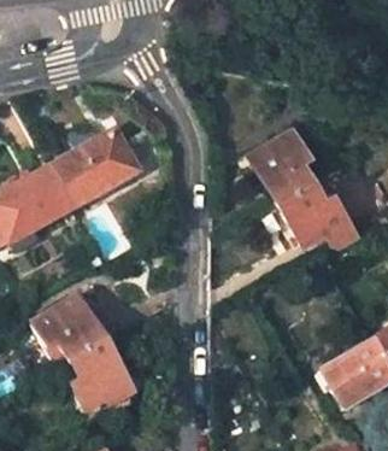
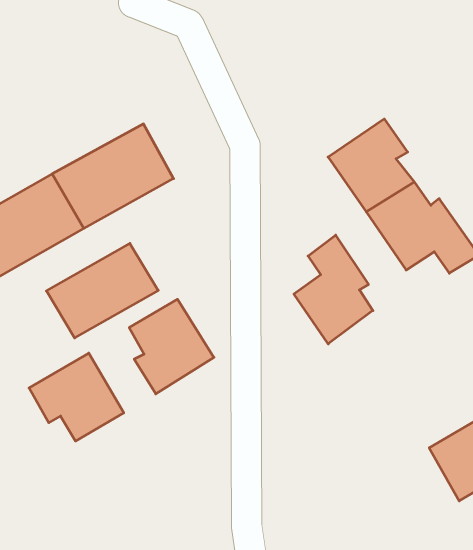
building: none -> [294,235,373,344]
building: none -> [46,243,158,338]
building: [69,340,130,409] -> [129,299,214,394]

